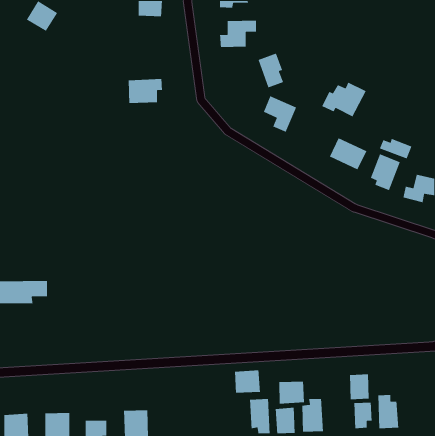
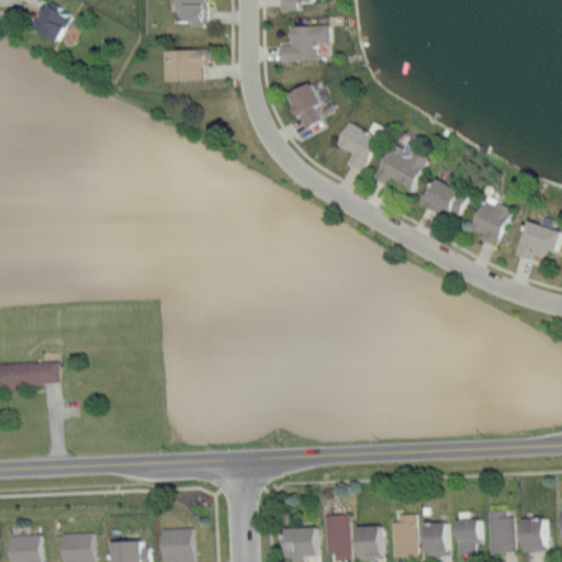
building: [258,53,284,89] -> [292,86,326,132]
building: [128,78,163,104] -> [164,50,209,83]
building: [321,82,367,117] -> [374,147,432,193]
building: [379,138,412,159] -> none
building: [234,370,261,394] -> [281,525,315,555]
building: [349,374,370,400] -> [419,520,446,554]
building: [279,381,305,404] -> none
building: none -> [519,517,542,550]

